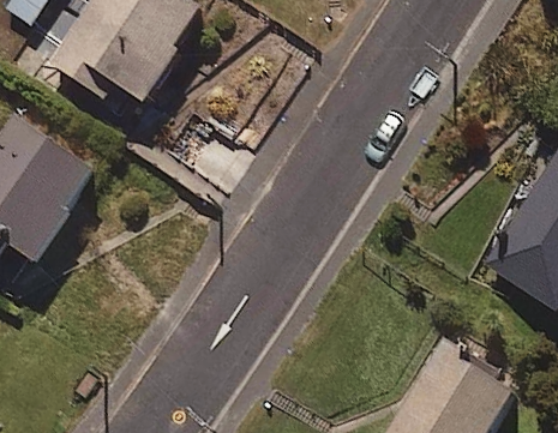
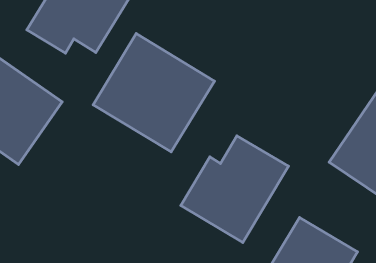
building: none -> [93,33,214,152]
building: none -> [181,136,288,243]

